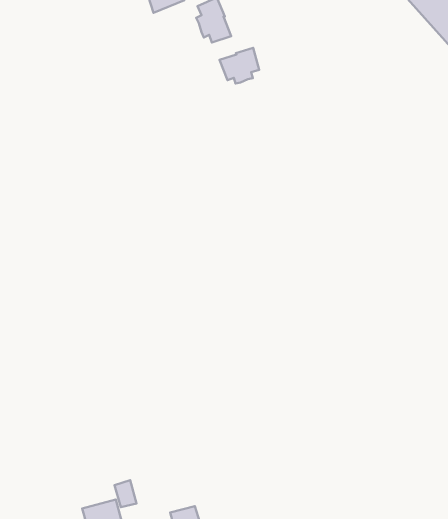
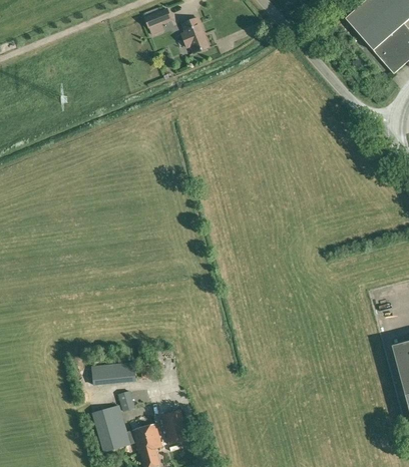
building: [219,48,259,84] -> none
building: none -> [91,362,136,385]

